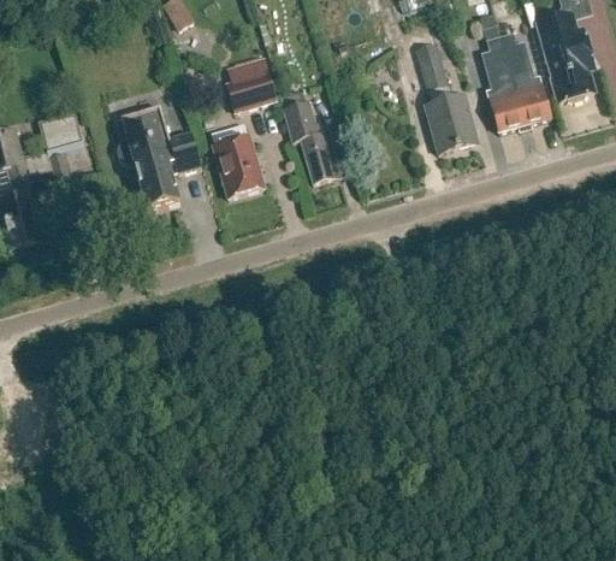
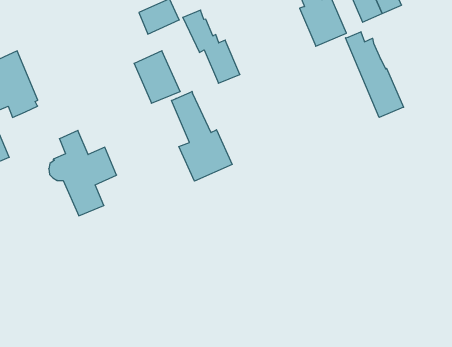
building: [114,102,196,207] -> [49,130,117,216]
building: none -> [346,32,404,117]
building: none -> [172,91,232,181]

